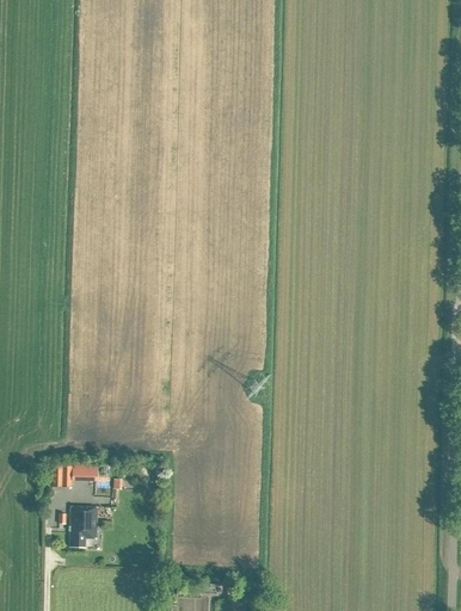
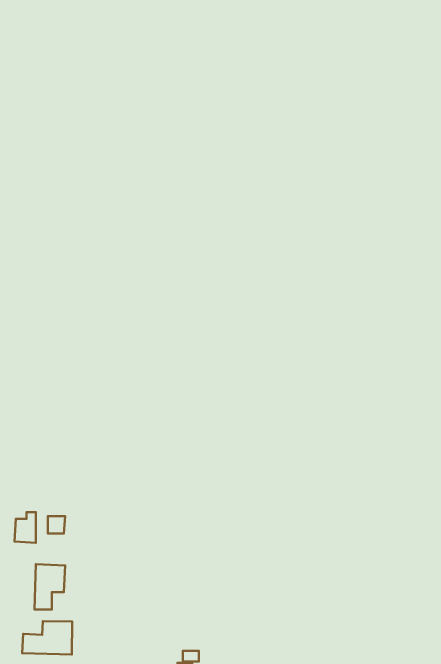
building: none -> [22,621,72,655]

